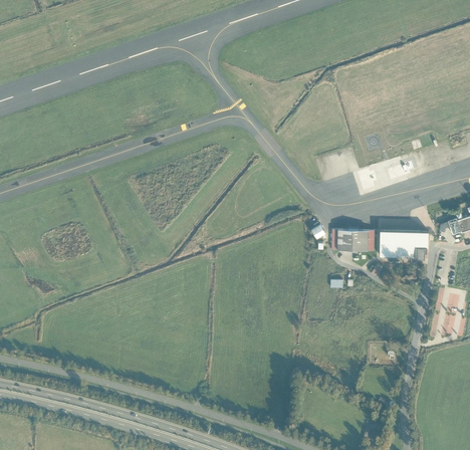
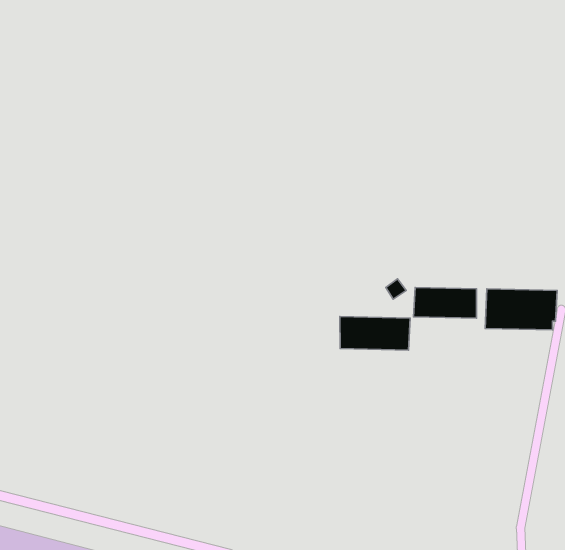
building: none -> [340,317,410,350]

